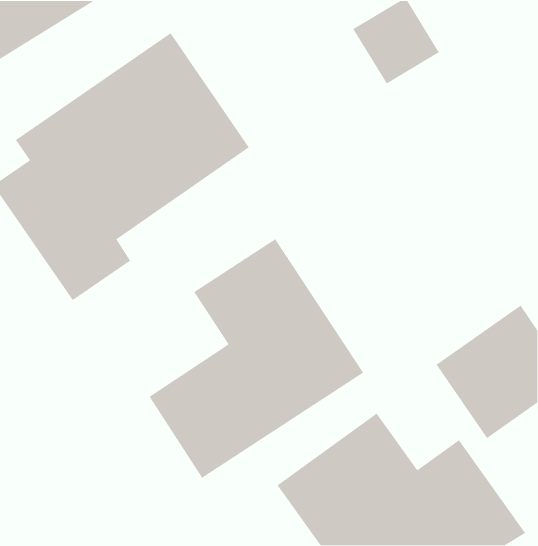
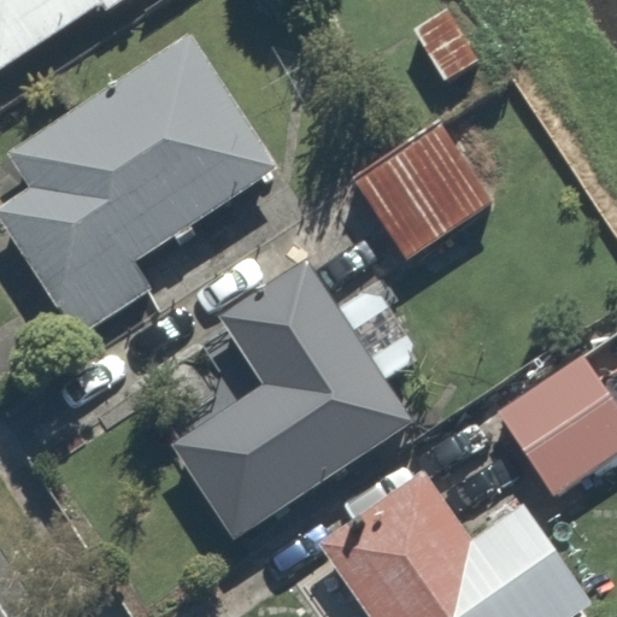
building: none -> [348,125,486,253]

